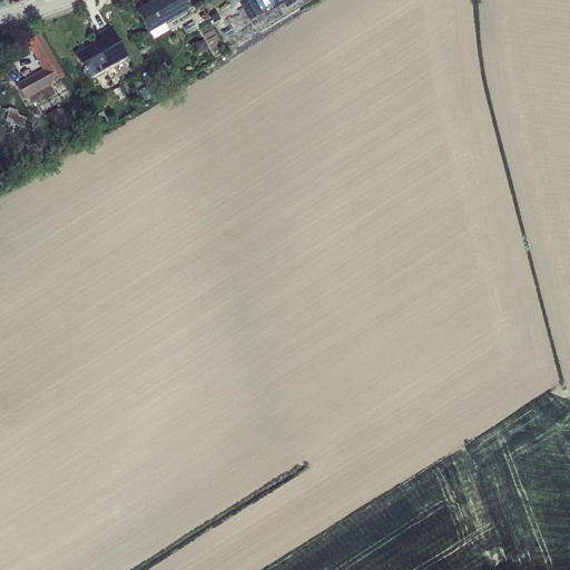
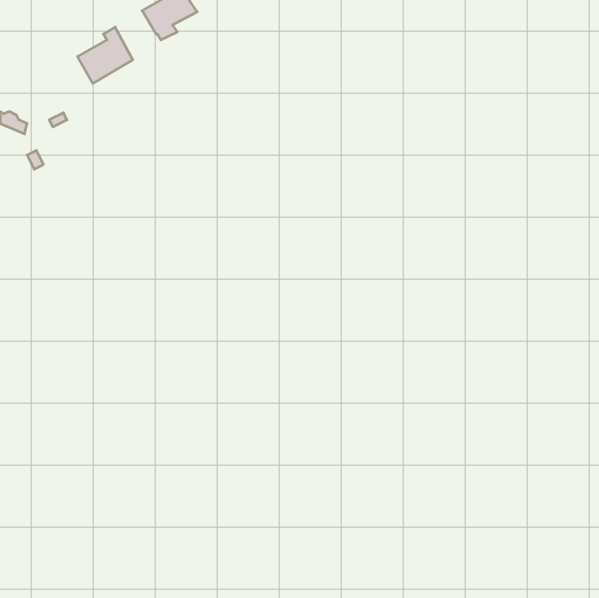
building: [17,32,65,104] -> none

